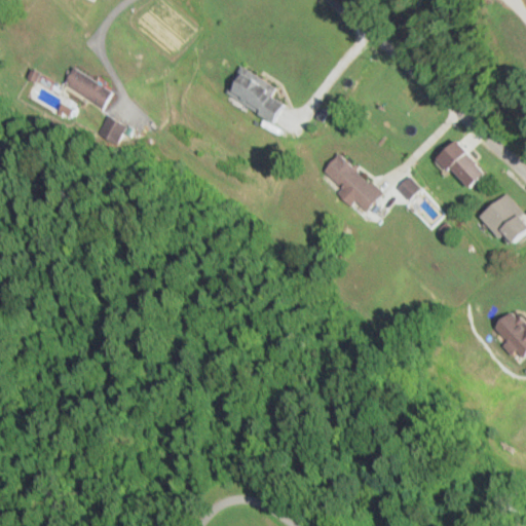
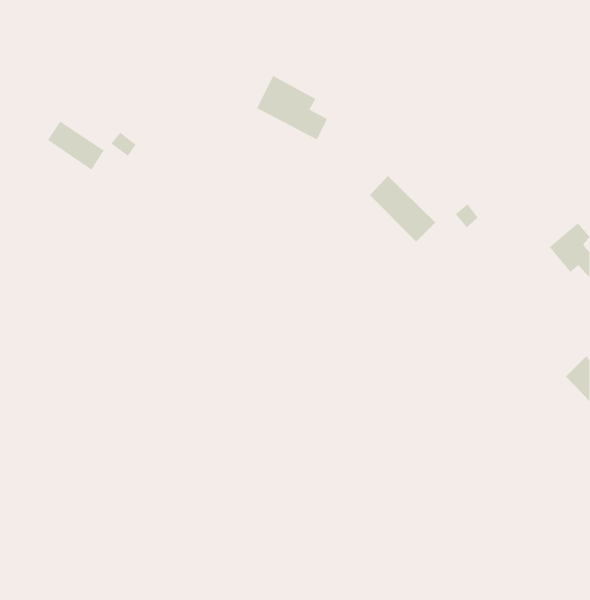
building: [63,67,113,110] -> [47,121,105,170]
building: [439,142,487,189] -> none

